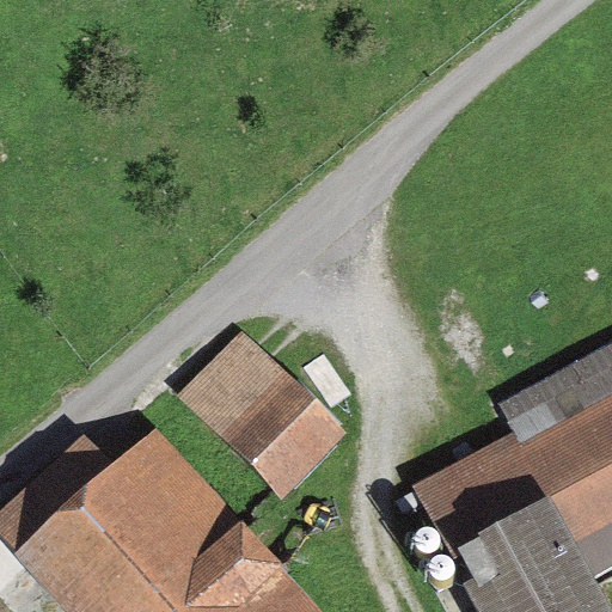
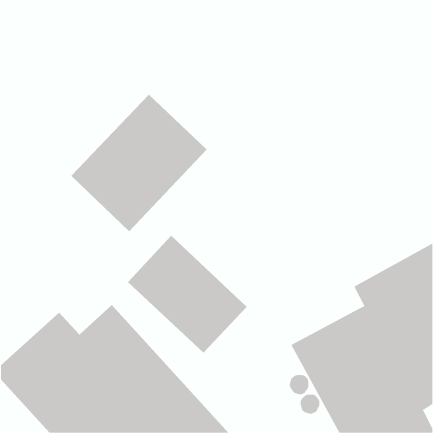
building: none -> [70,94,208,232]

